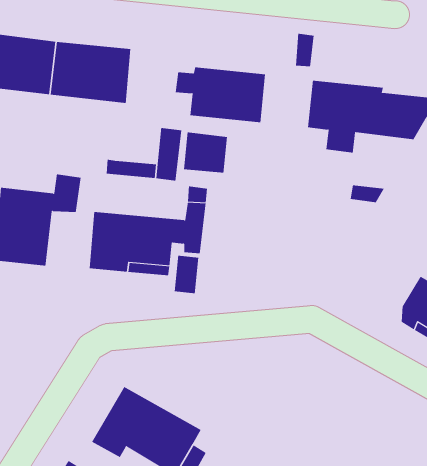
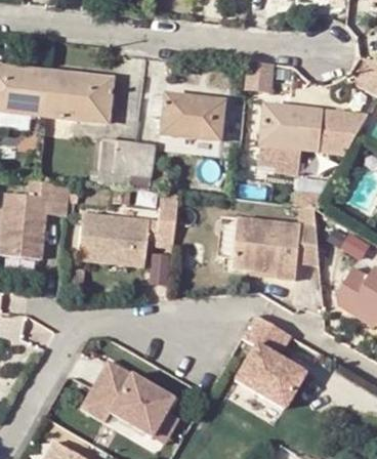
building: [183,132,228,173] -> [99,138,137,173]
building: none -> [235,218,320,280]
building: none -> [236,315,303,408]

